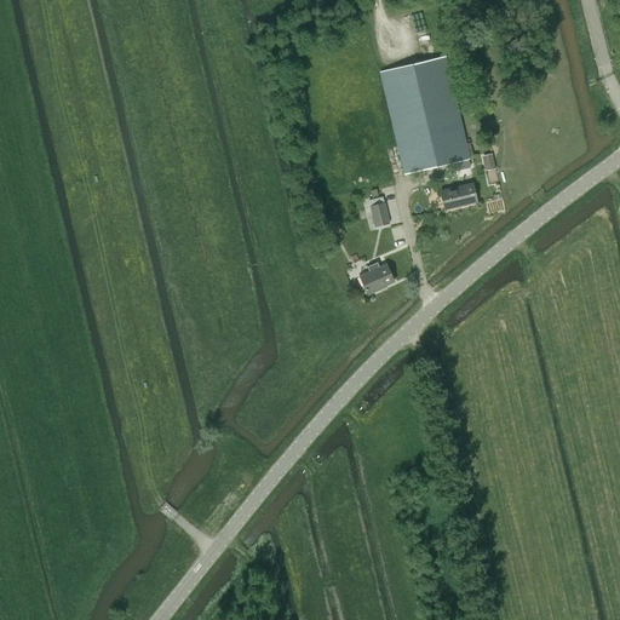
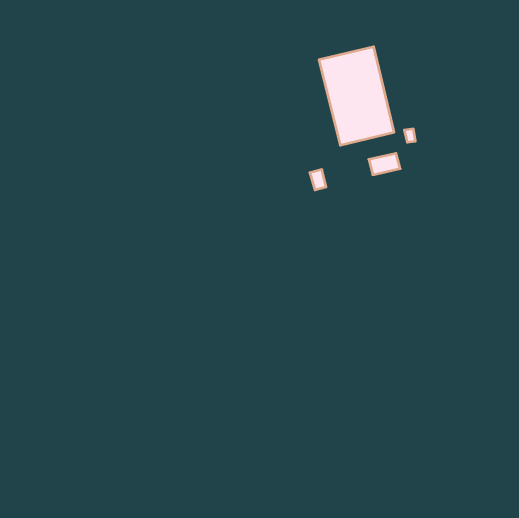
building: [360,262,394,293] -> none

